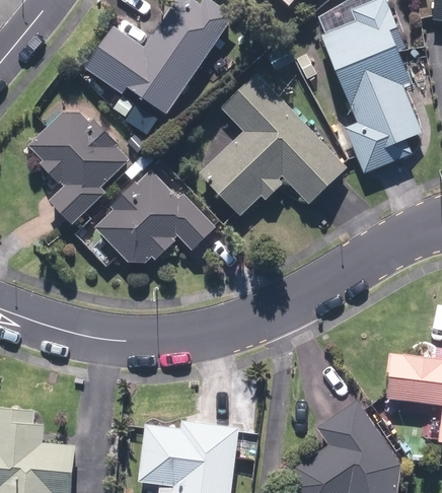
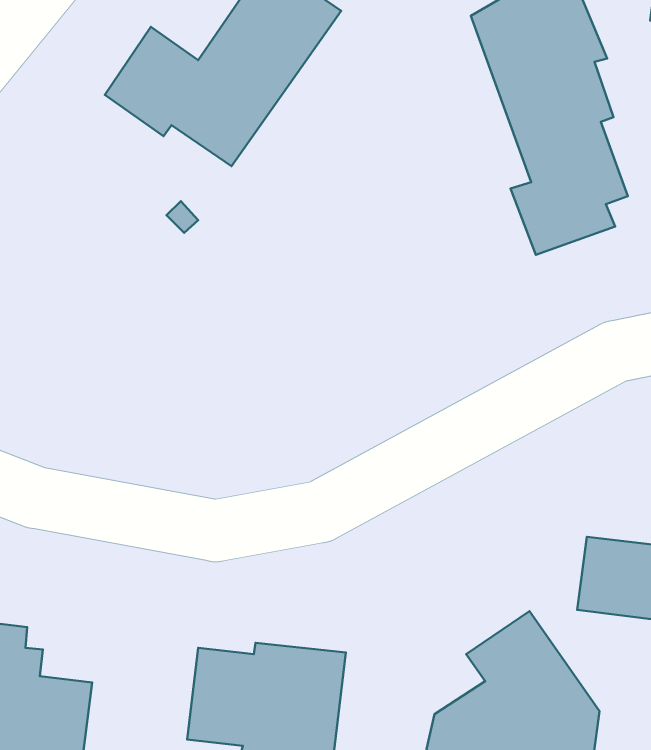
building: [198,73,348,217] -> none
building: [26,107,129,225] -> none
building: [93,169,216,264] -> none

